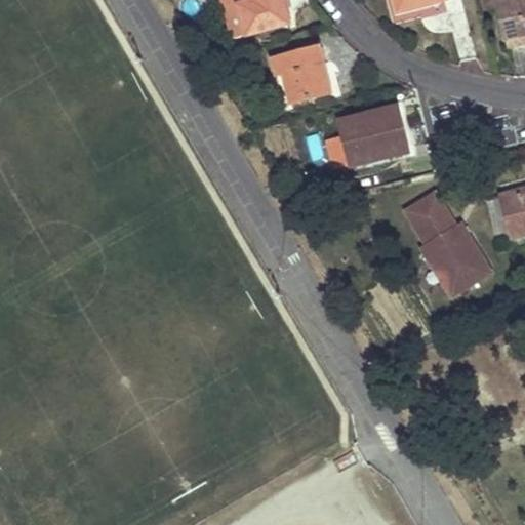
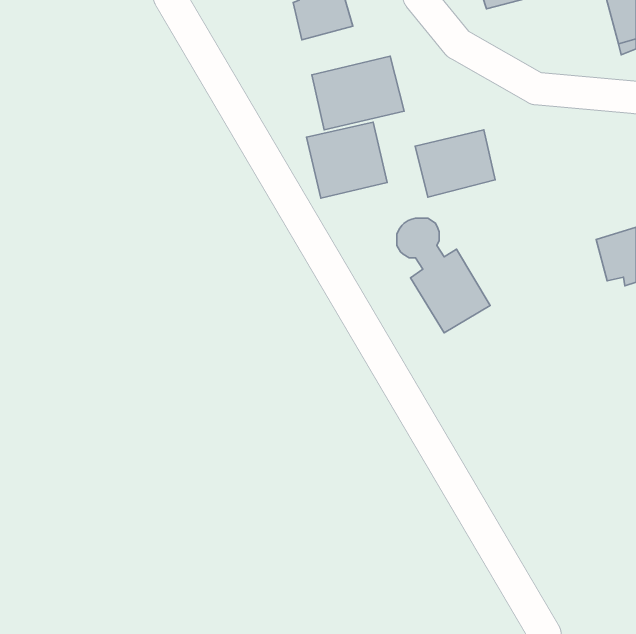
building: none -> [307,122,387,198]
building: [412,198,489,292] -> [397,218,490,333]

